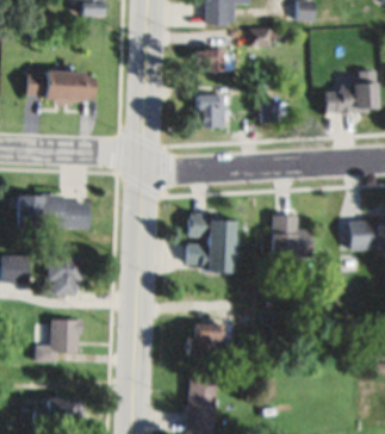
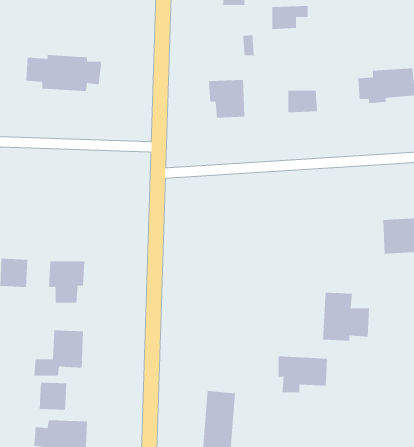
building: [192,46,222,74] -> none
building: [15,194,87,227] -> none
building: [186,212,235,274] -> none
building: [271,216,313,260] -> [322,292,370,341]
building: [193,323,238,356] -> [278,356,328,393]
building: none -> [39,382,67,411]

